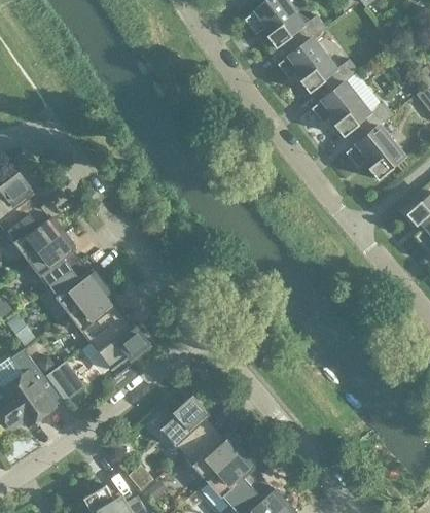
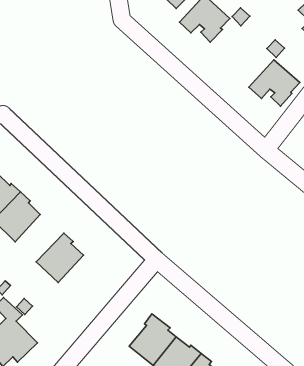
building: [311,82,369,137] -> none
building: [47,261,105,314] -> none
building: [89,315,149,370] -> none
building: [45,361,84,402] -> none

